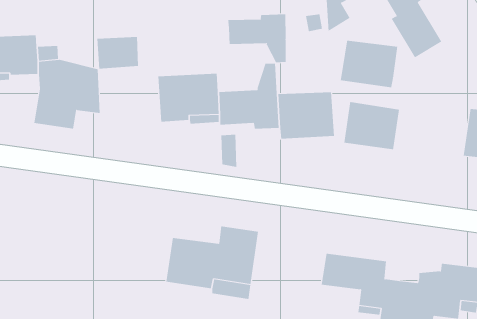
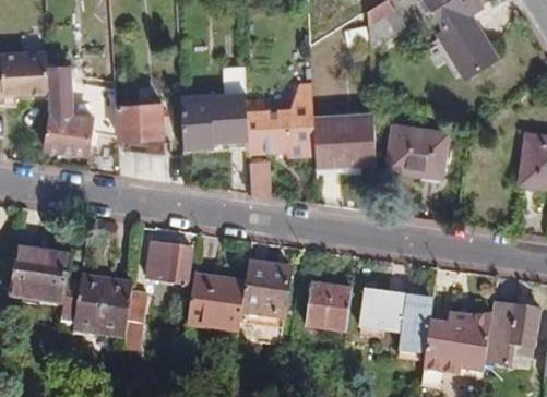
building: [228,13,286,63] -> none
building: [96,37,139,69] -> [116,101,163,137]
building: [340,40,398,88] -> none
building: none -> [146,242,192,282]
building: none -> [11,248,147,337]
building: none -> [307,282,353,329]

